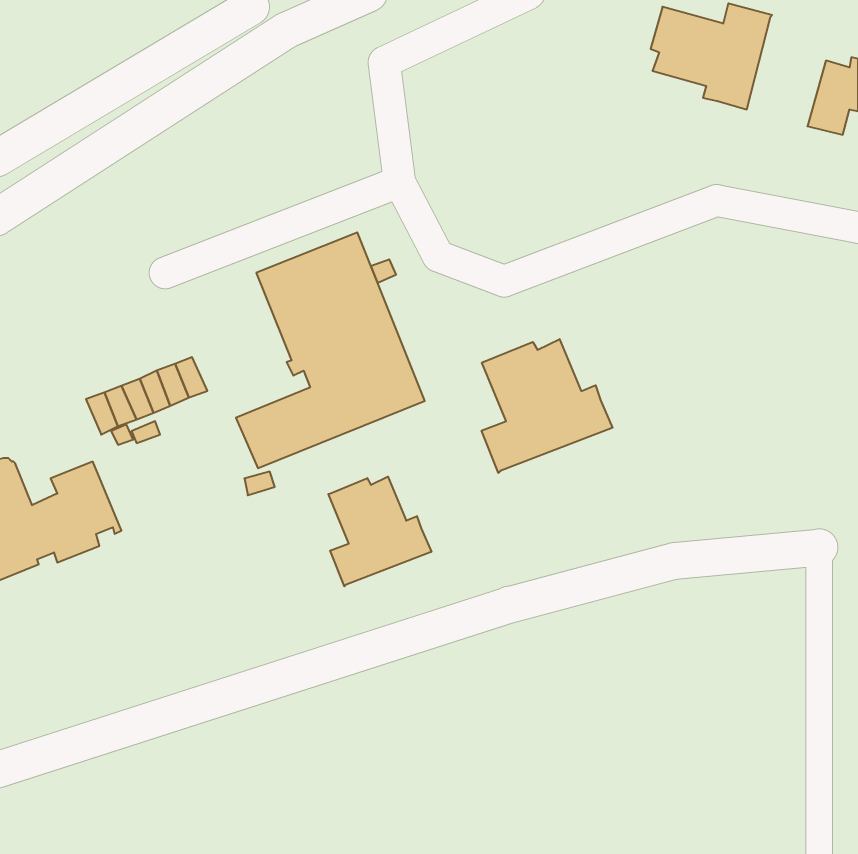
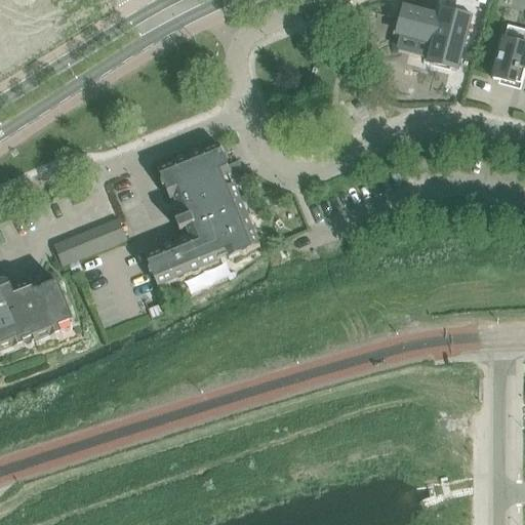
building: [482,339,613,473] -> none
building: [328,477,431,586] -> none

